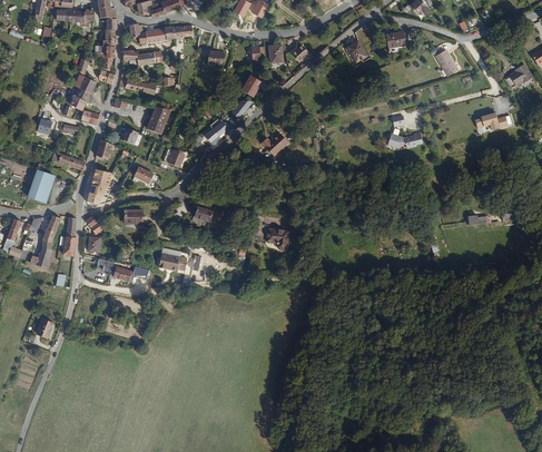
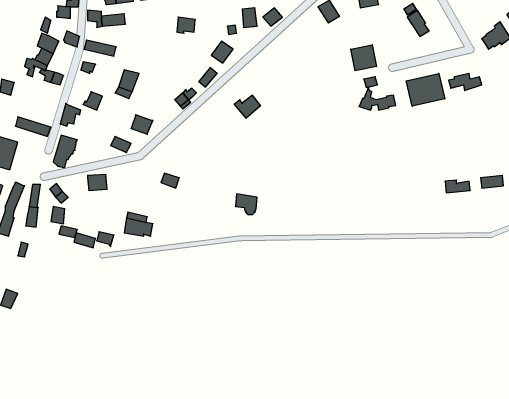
building: none -> [351,45,377,71]
building: none -> [406,73,445,106]

